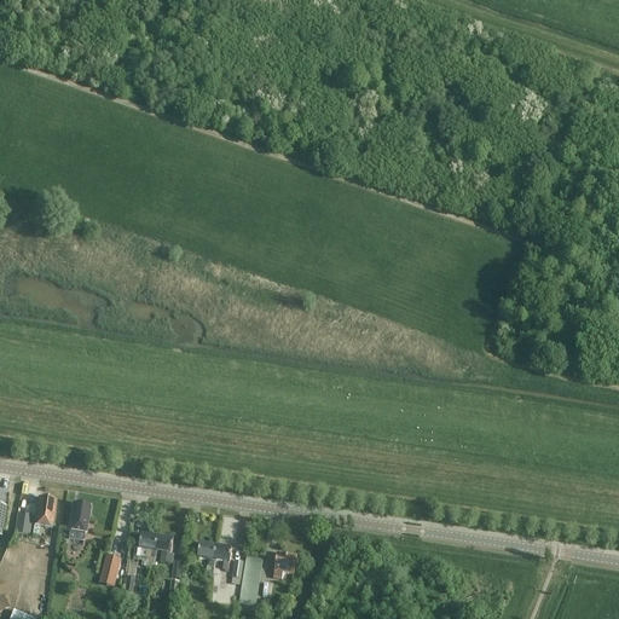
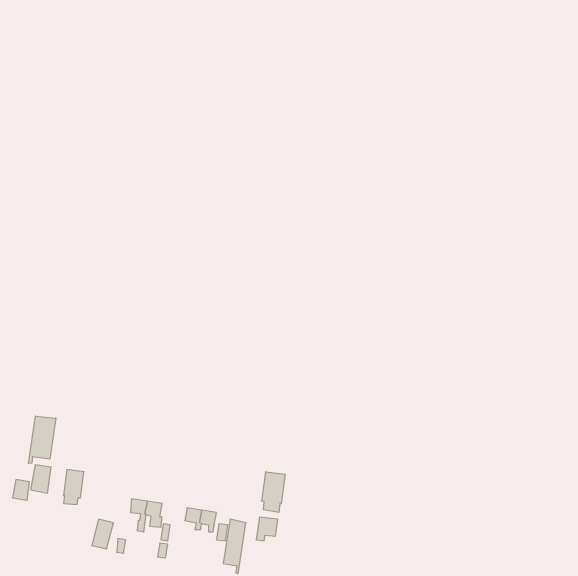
building: none -> [29,416,56,463]
building: none -> [262,472,285,512]

